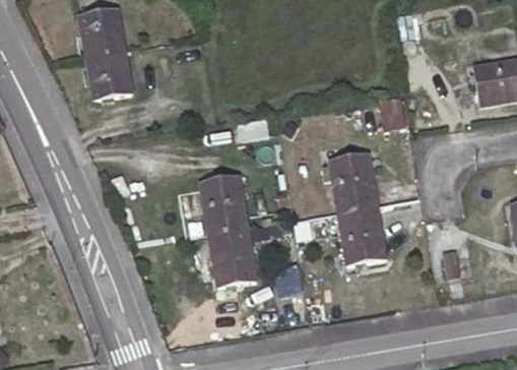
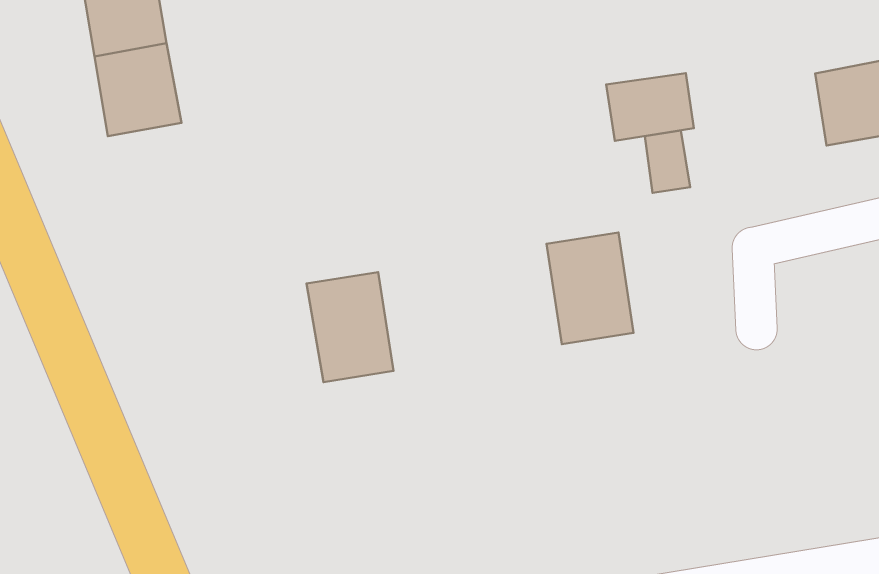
building: none -> [606,73,694,141]
building: [336,205,383,264] -> none
building: [208,226,254,286] -> none

